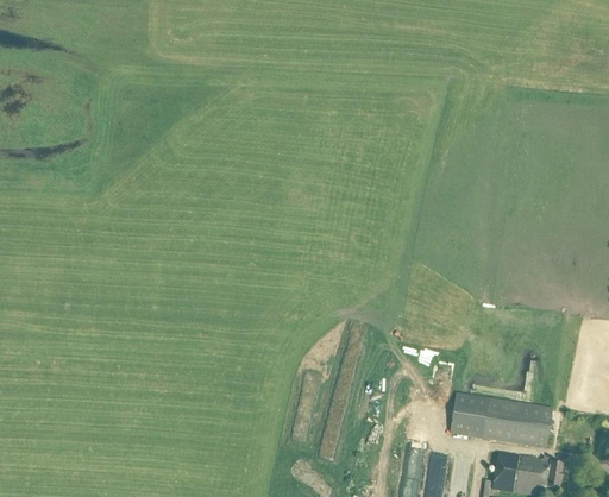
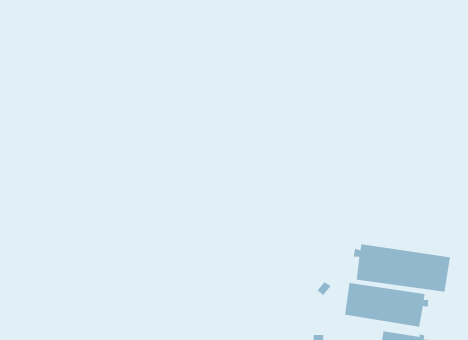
building: none -> [353,243,451,293]

